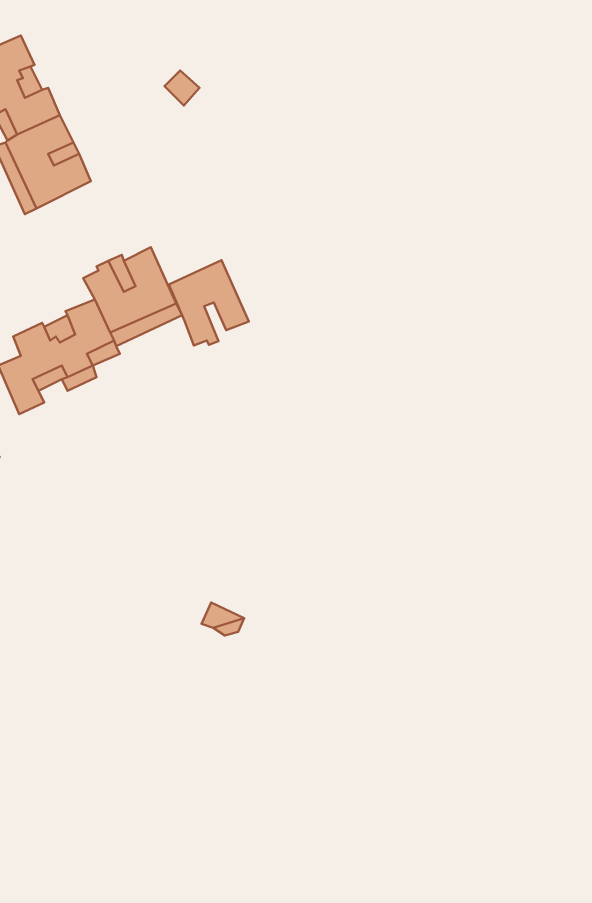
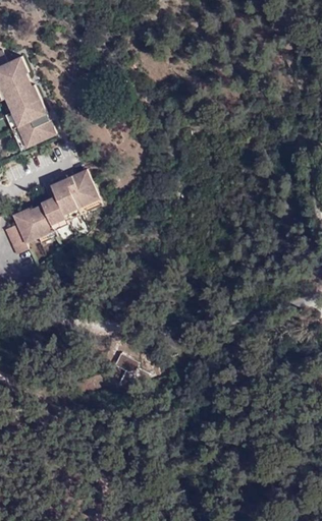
building: [169,260,249,346] -> none

